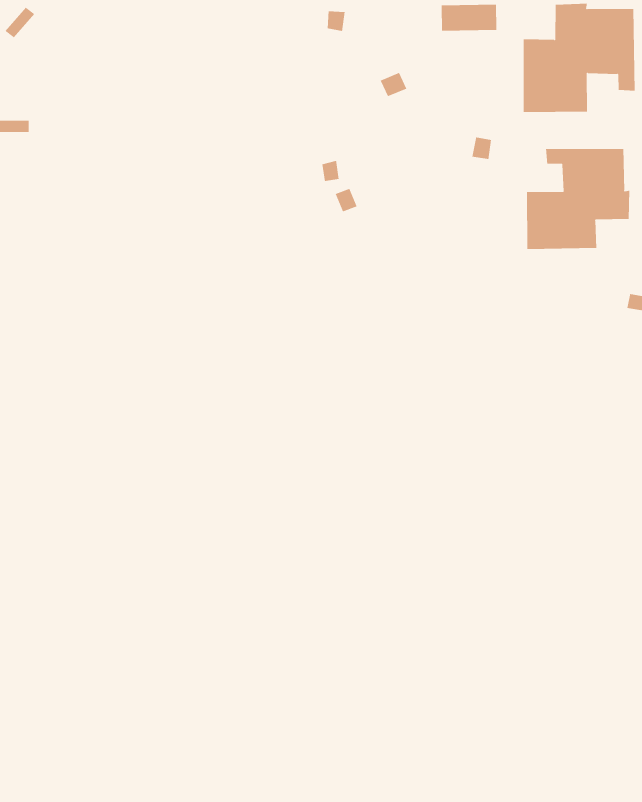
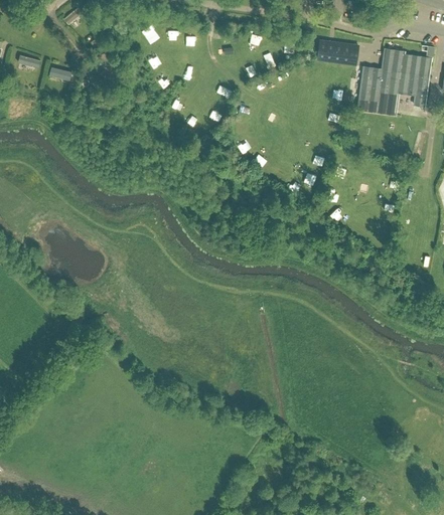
building: [526,148,630,250] -> none

